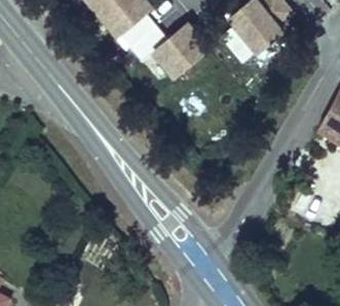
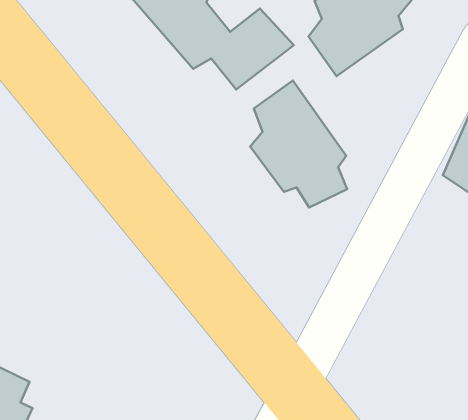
building: none -> [250,81,347,208]

